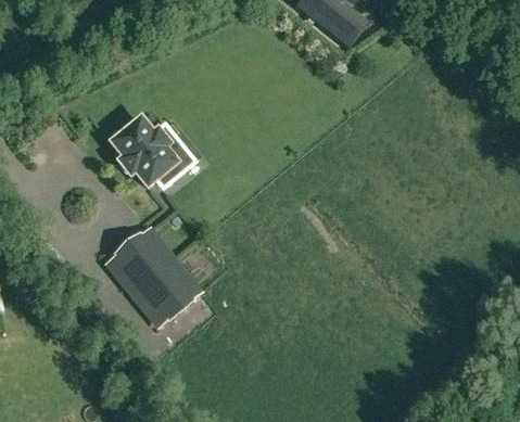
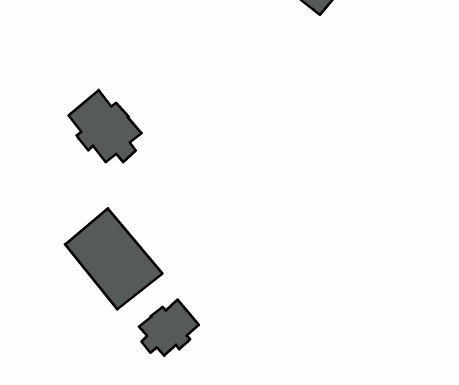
building: none -> [139,300,199,356]

